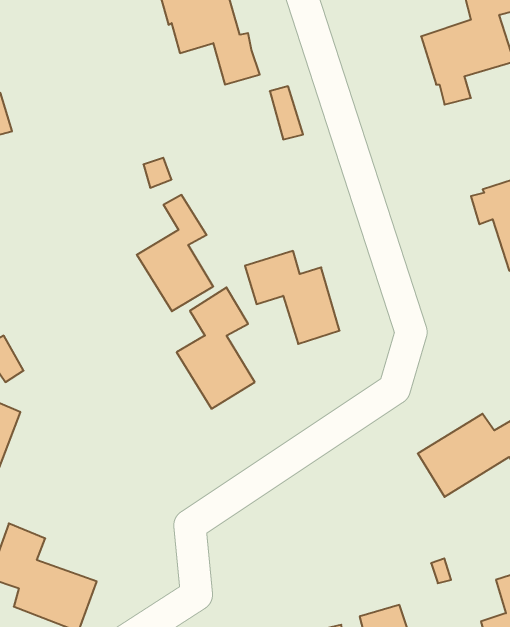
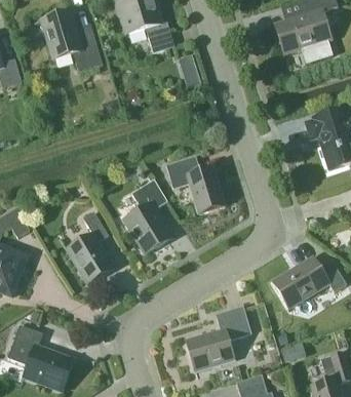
building: none -> [41,10,102,71]
building: [137,195,213,311] -> [66,211,113,283]
building: none -> [186,308,250,370]

